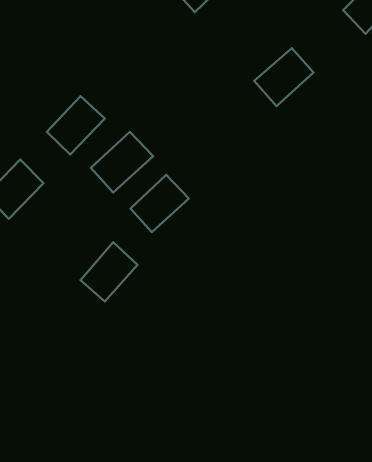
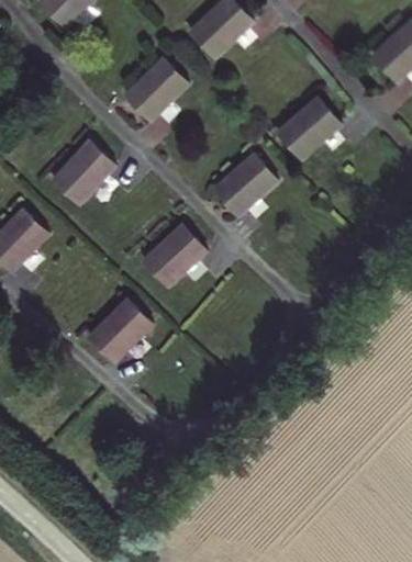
building: none -> [125,55,188,119]
building: none -> [213,150,277,213]
building: [91,132,153,192] -> none

